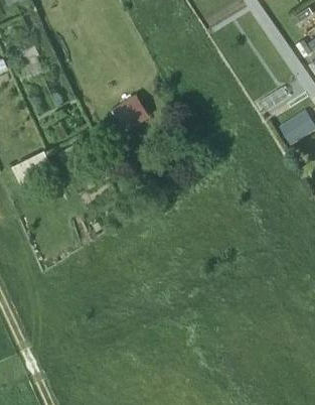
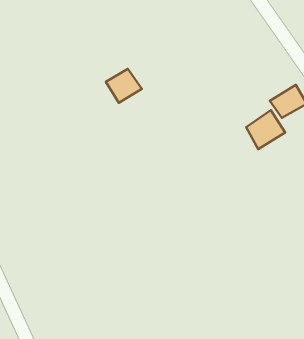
building: none -> [246,110,285,149]

